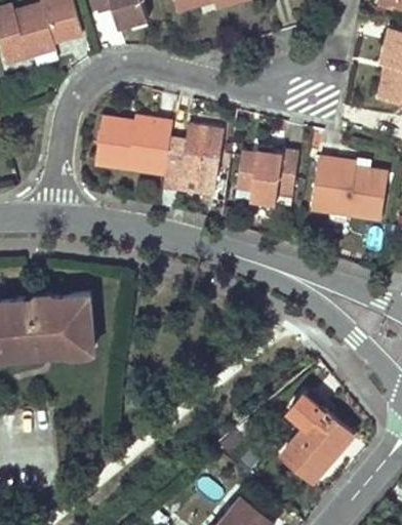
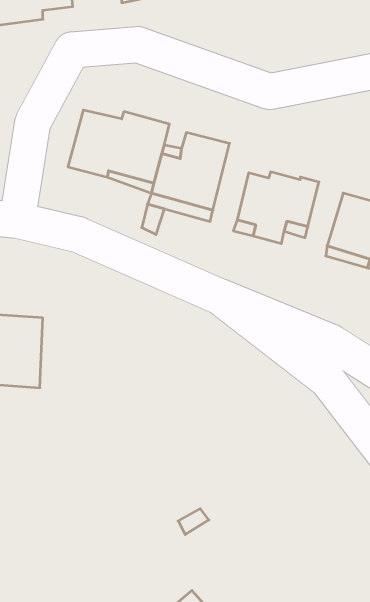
building: [280,389,351,476] -> none

